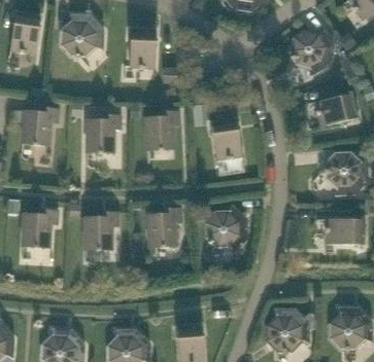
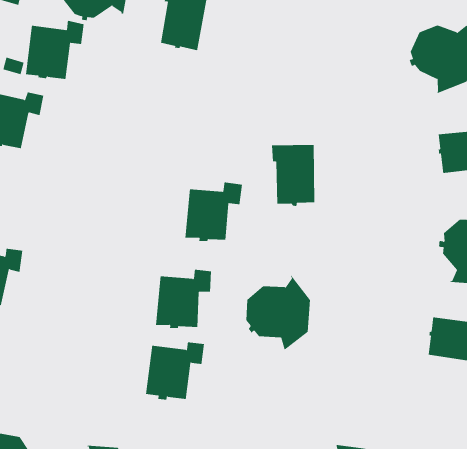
building: [145,110,179,150] -> [184,182,243,241]
building: [87,113,121,152] -> [25,20,84,80]
building: [84,211,118,250] -> [145,342,205,400]

